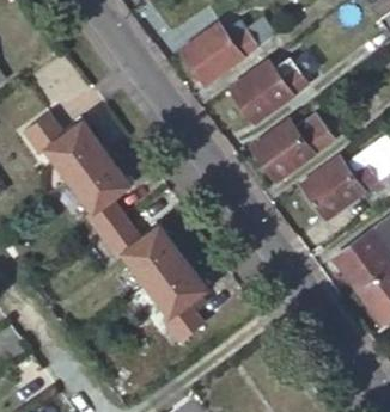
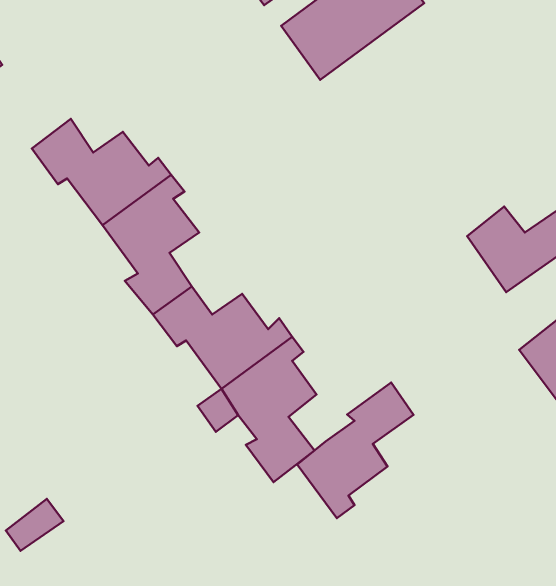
building: [232,55,311,122] -> none
building: [254,113,337,183] -> none
building: none -> [297,382,413,518]

